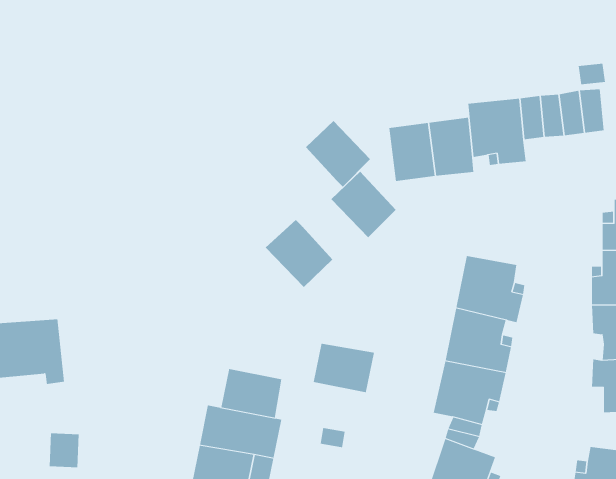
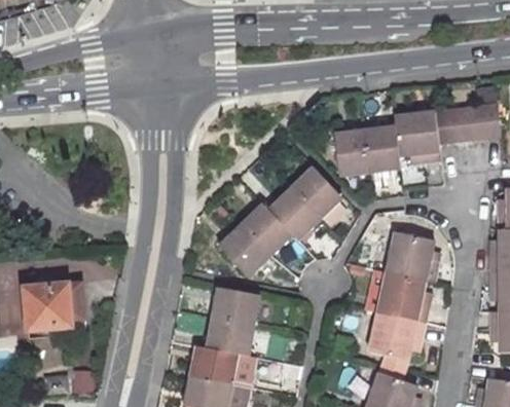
building: [305,120,371,187] -> [268,188,319,239]
building: none -> [218,225,269,277]
building: [313,343,375,393] -> [212,288,259,326]

